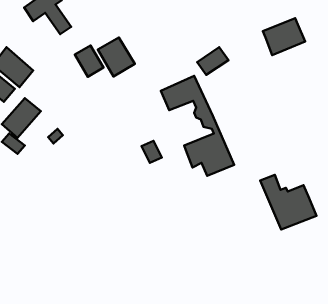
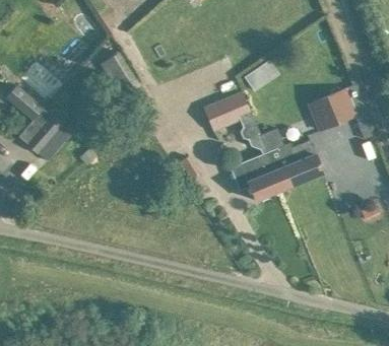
building: [263,18,305,55] -> [309,90,355,131]
building: [98,38,135,76] -> none
building: [260,175,316,230] -> [261,129,323,189]

